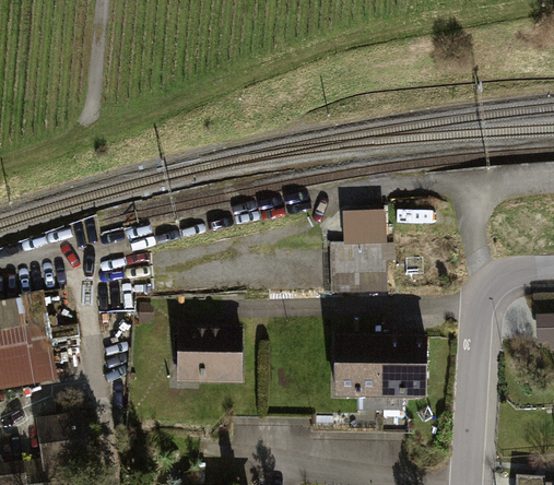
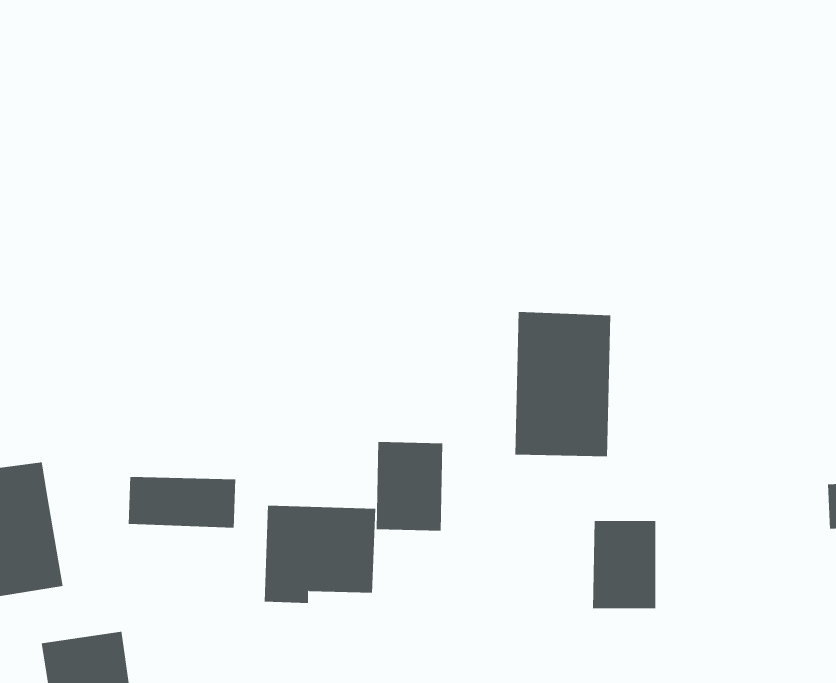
building: none -> [128,476,236,528]
building: [340,339,382,395] -> [376,442,443,531]

